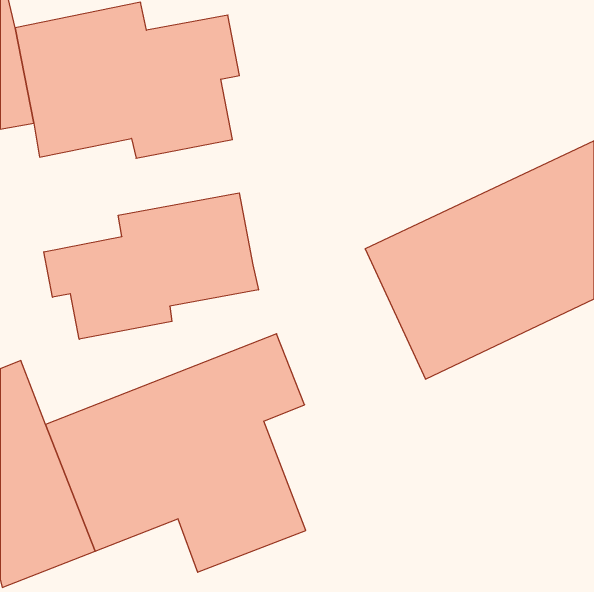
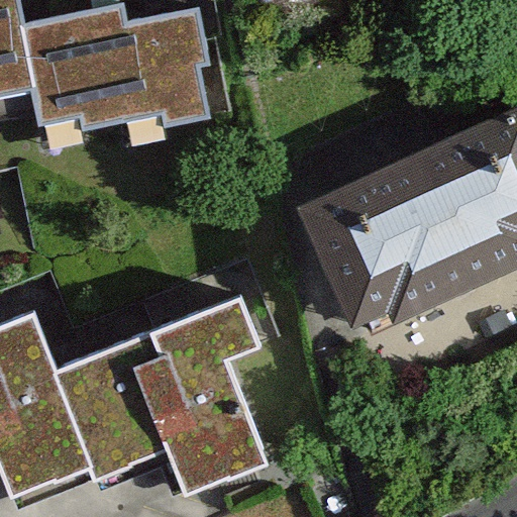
building: [44,193,258,339] -> none

